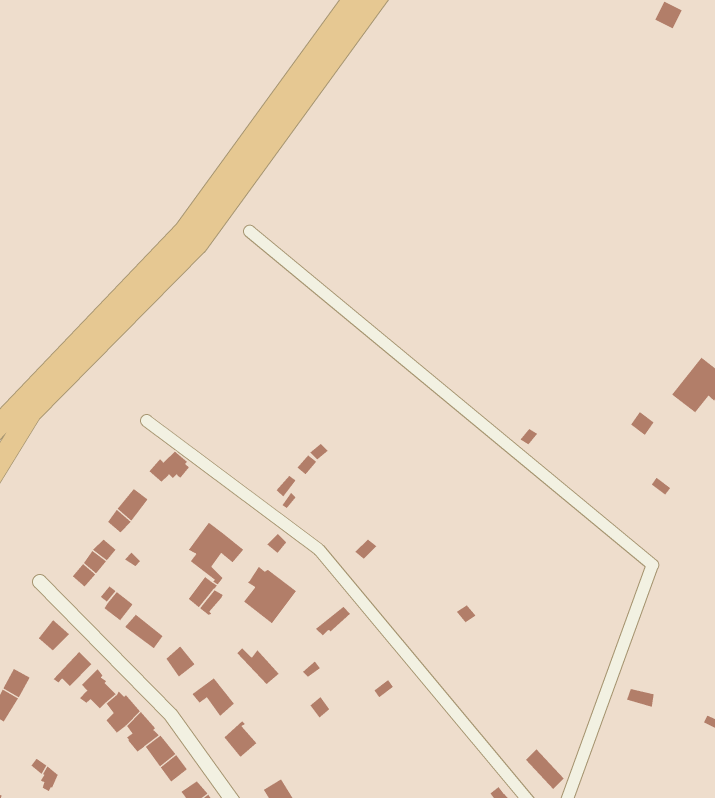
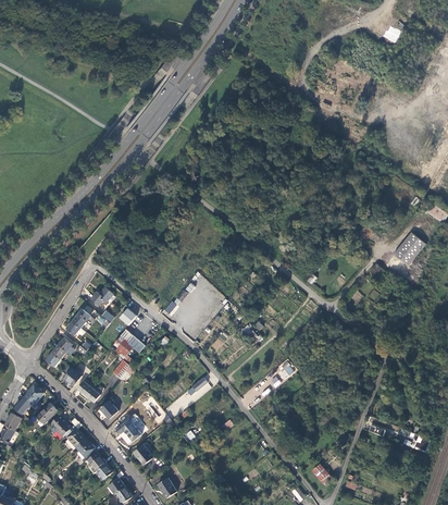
building: [243,566,297,624] -> none

